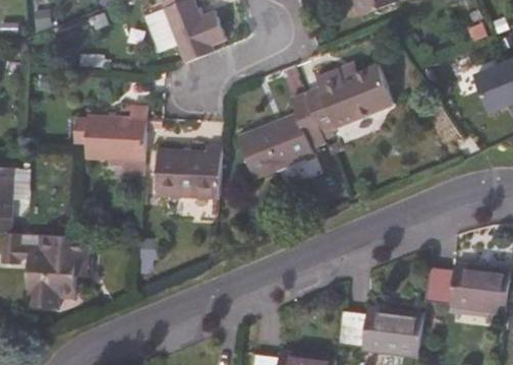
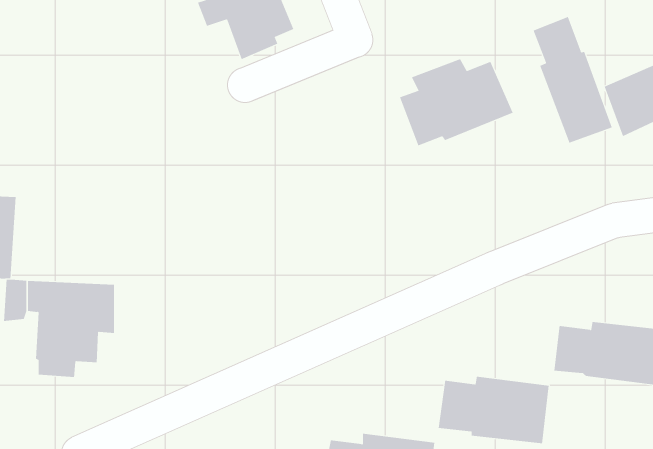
building: none -> [533,16,613,143]
building: [240,93,325,178] -> none
building: [58,106,150,175] -> none
building: [158,147,223,197] -> none

